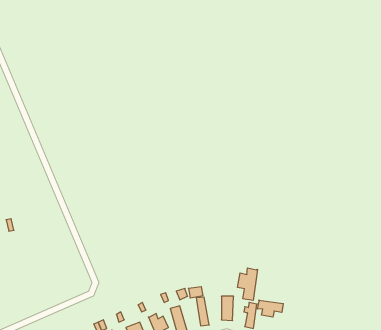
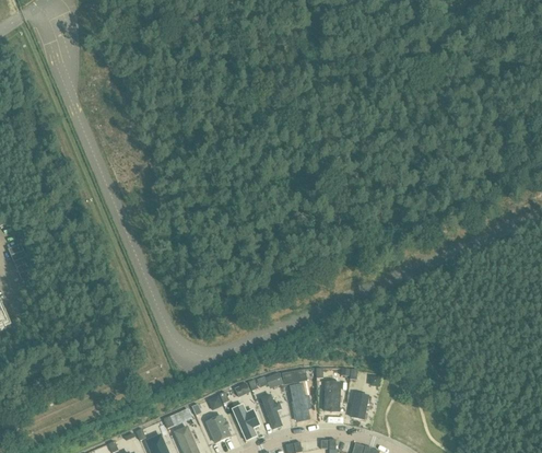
building: [238,268,257,300] -> none
building: [258,300,283,317] -> none

